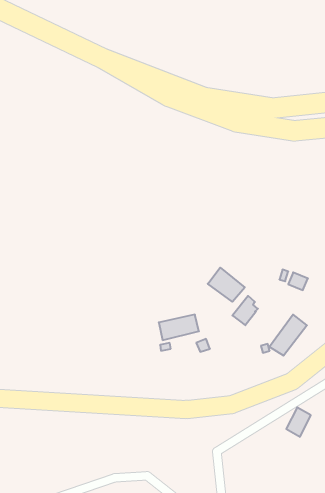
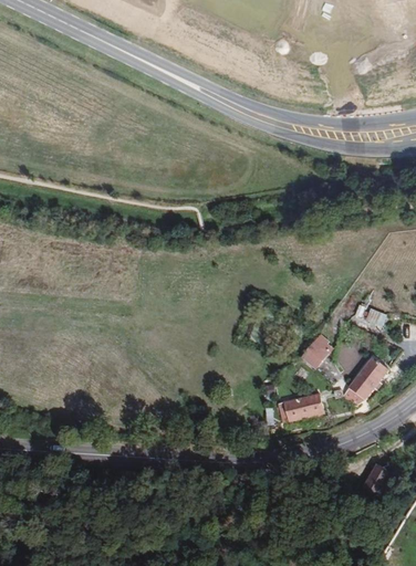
building: [208,268,245,302] -> none
building: [159,315,199,340] -> [279,395,324,423]

